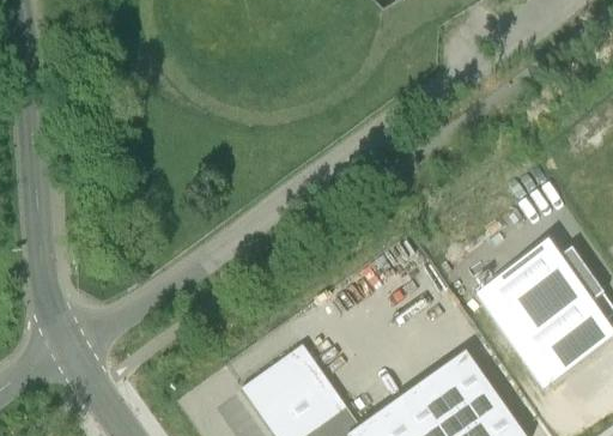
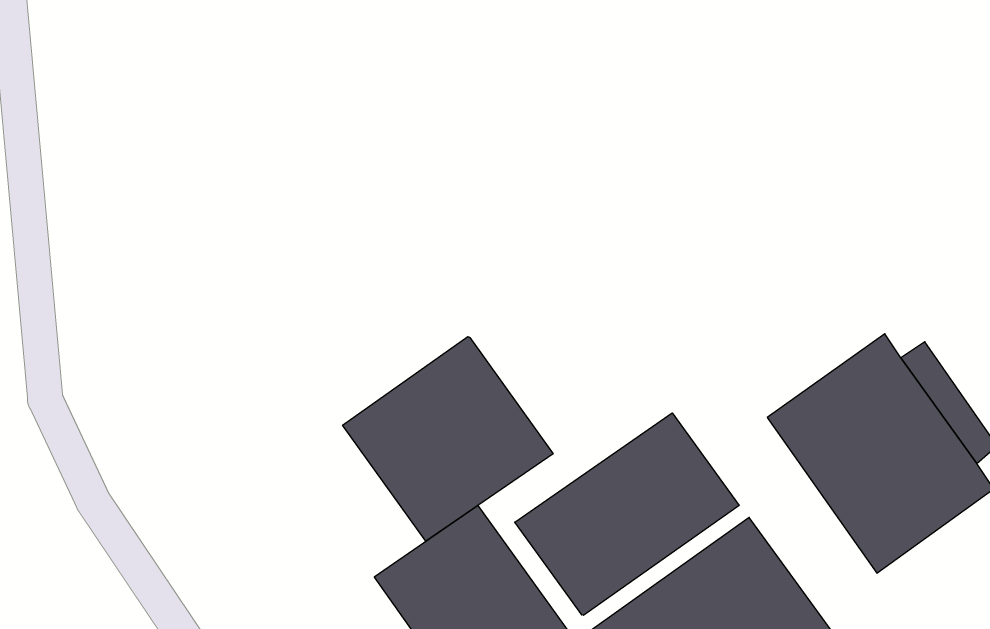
building: none -> [343,337,553,541]
building: none -> [515,413,739,615]

